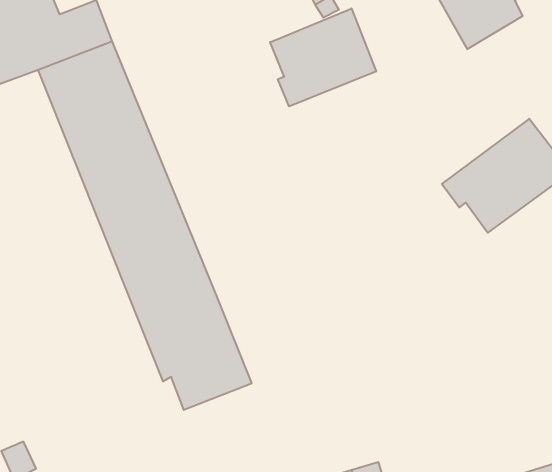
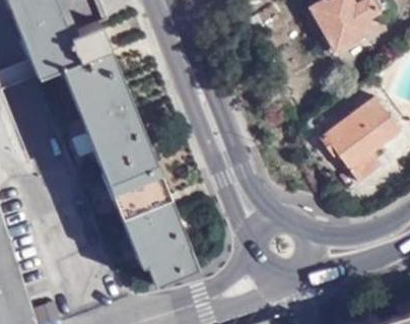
building: [270,8,376,106] -> none

